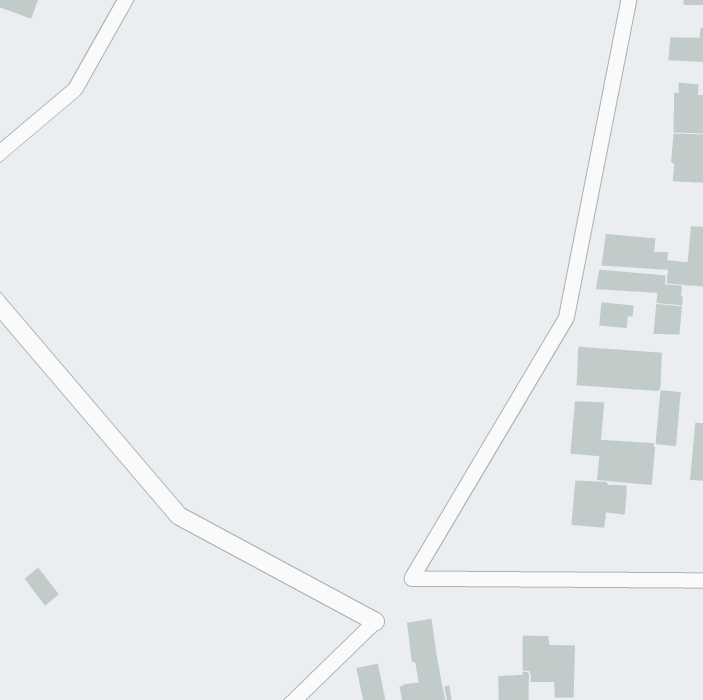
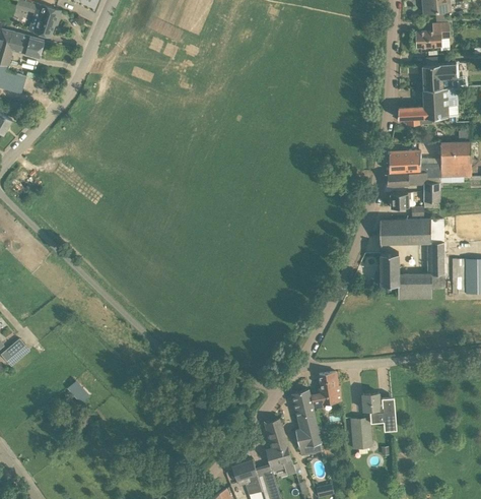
building: none -> [398,107,432,125]
building: [571,480,627,528] -> none
building: none -> [311,372,342,411]

